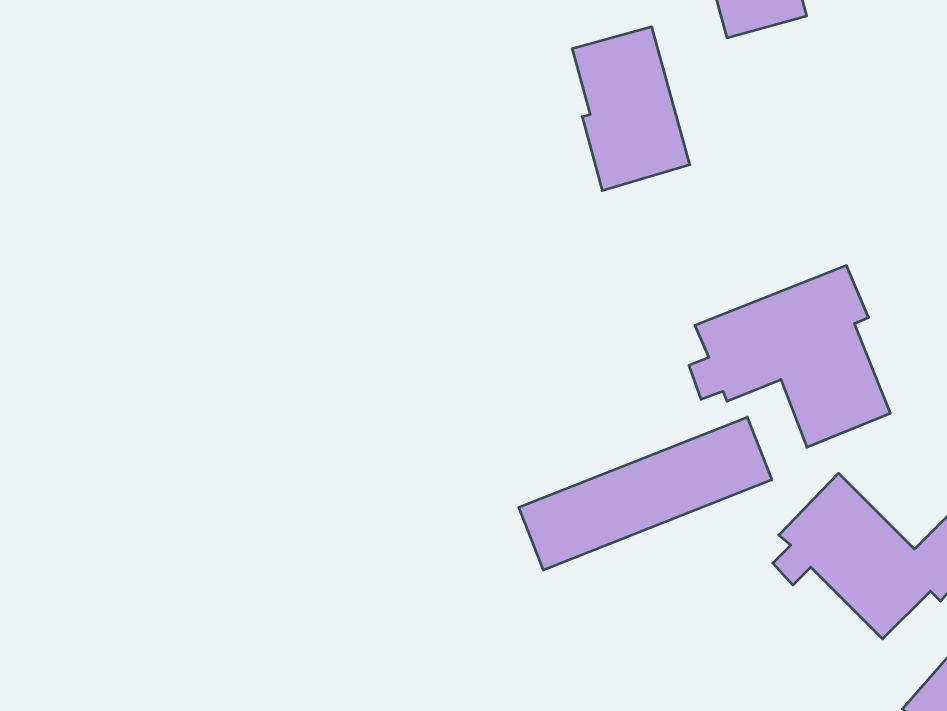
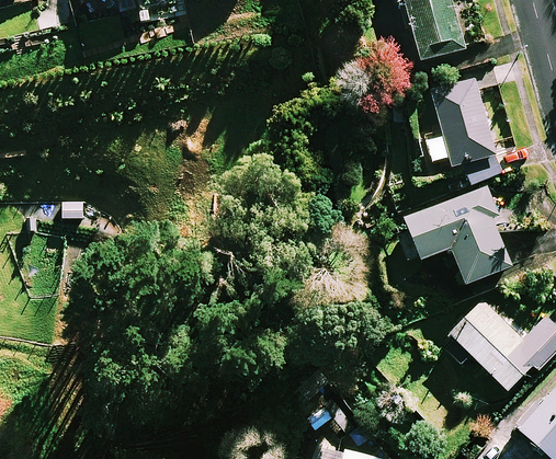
building: [572,27,690,191] -> [431,78,496,168]
building: [519,417,772,570] -> none

